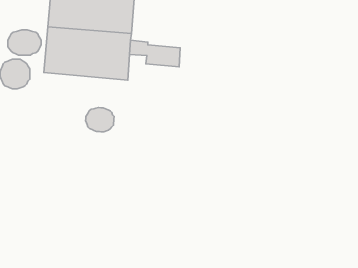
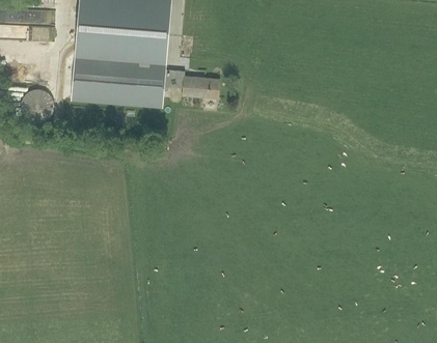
building: [8,30,41,55] -> none
building: [86,108,114,132] -> none

